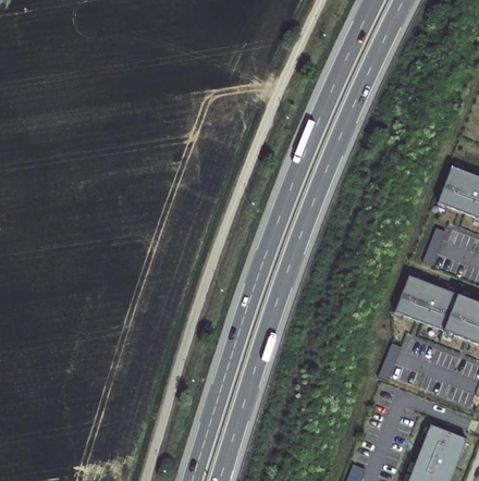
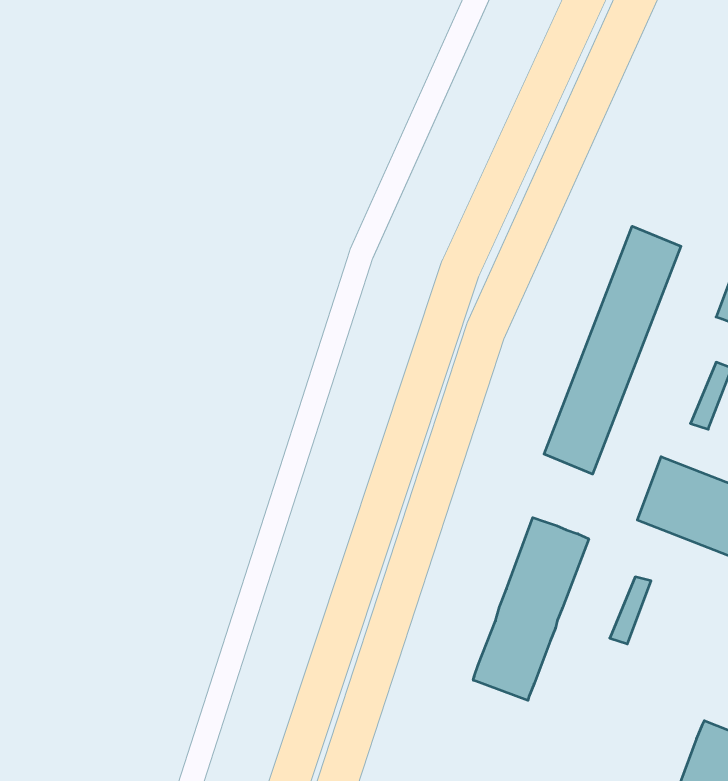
building: none -> [544,226,681,474]
building: none -> [473,518,589,700]

